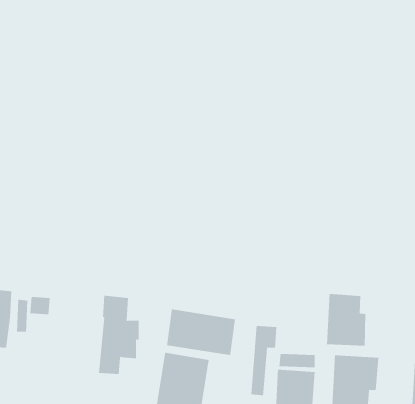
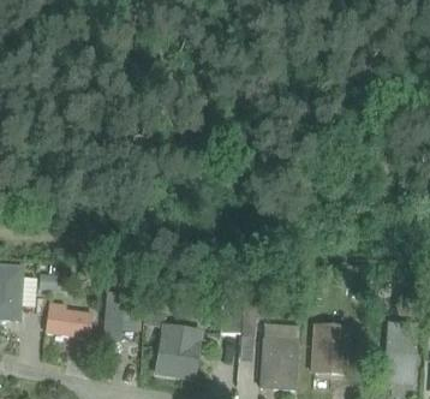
building: [326,293,366,347] -> none
building: [166,309,236,356] -> none
building: none -> [46,303,91,338]

